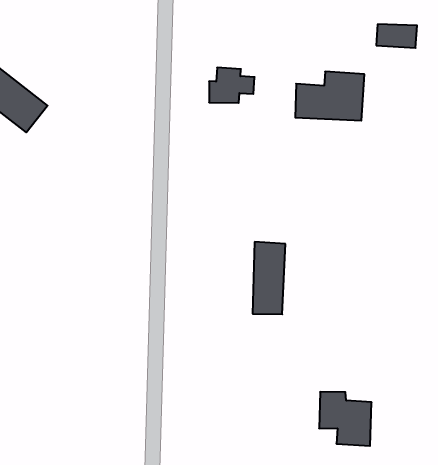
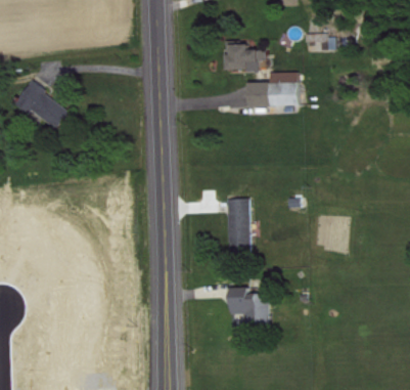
building: [209,68,255,103] -> [226,45,259,71]
building: [319,392,372,446] -> [230,288,269,326]

